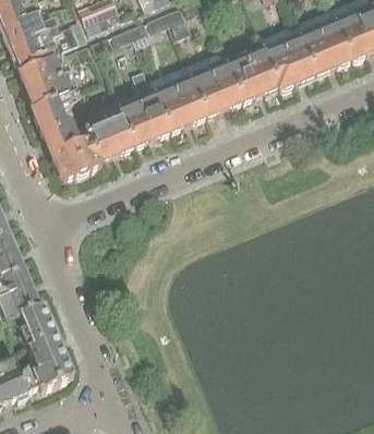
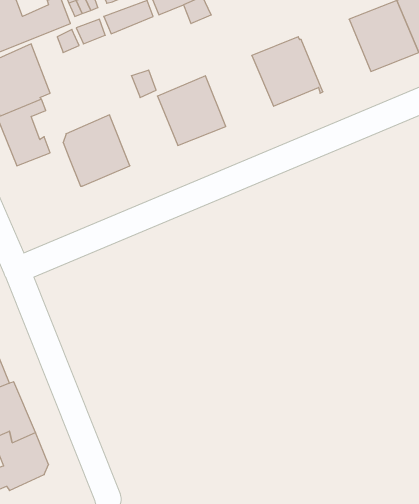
building: [260,35,312,89] -> none
building: [188,62,239,116] -> none
building: [116,93,167,145] -> none
building: [46,135,98,180] -> none

